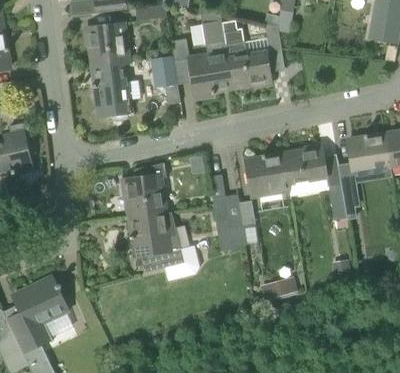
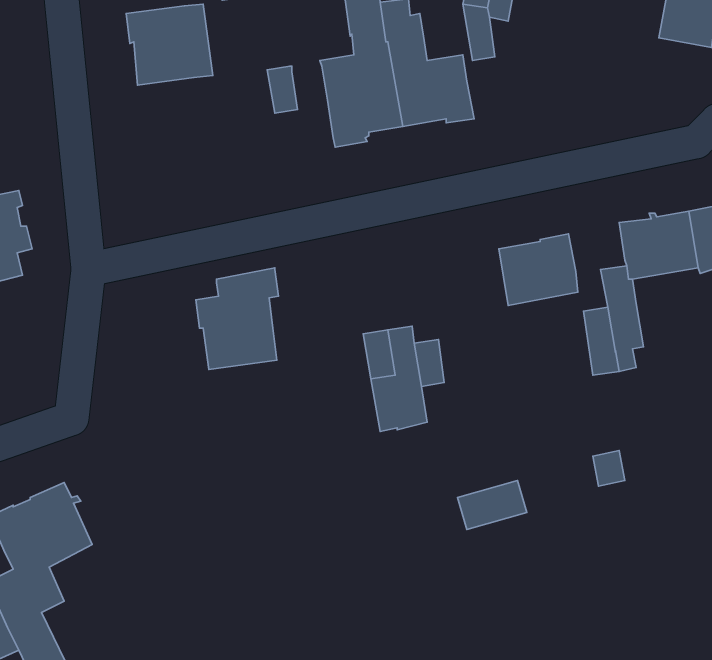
building: [91,62,128,122] -> none
building: [245,153,288,189] -> none
building: [129,212,184,272] -> none

